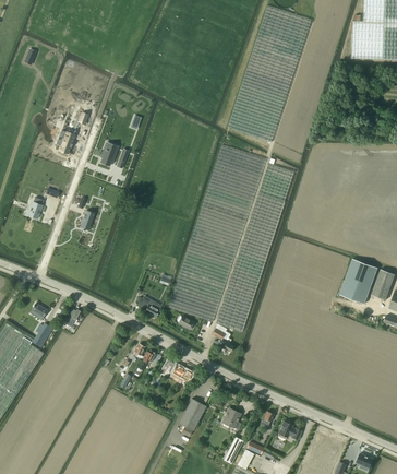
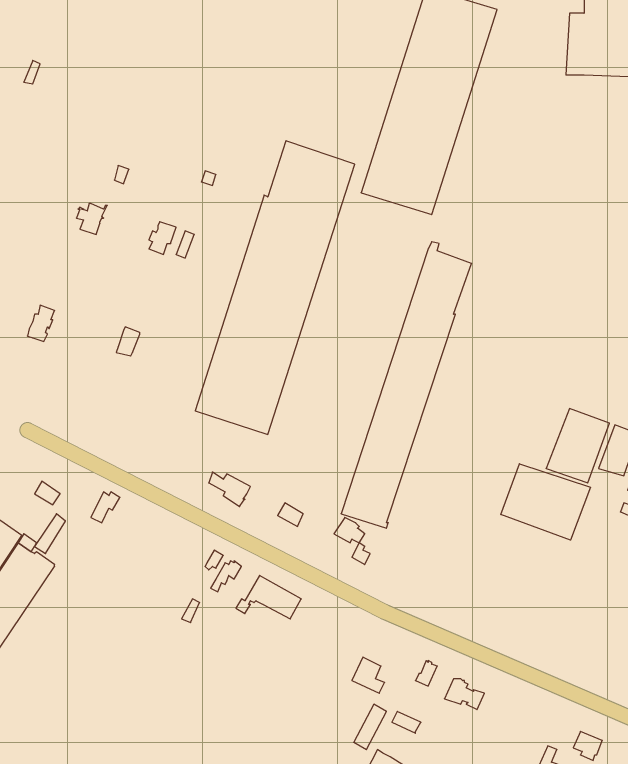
building: [169,144,265,321] -> [195,141,355,434]
building: none -> [501,464,591,540]
building: [179,399,206,437] -> none

